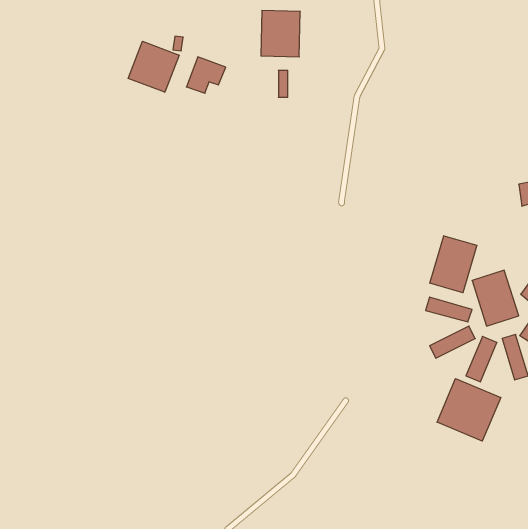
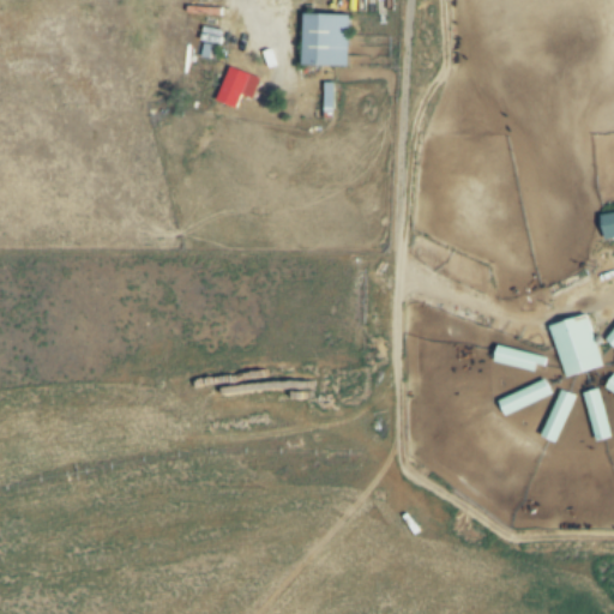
building: [128,41,179,92] -> none
building: [430,236,477,293] -> none
building: [437,379,501,441] -> none

